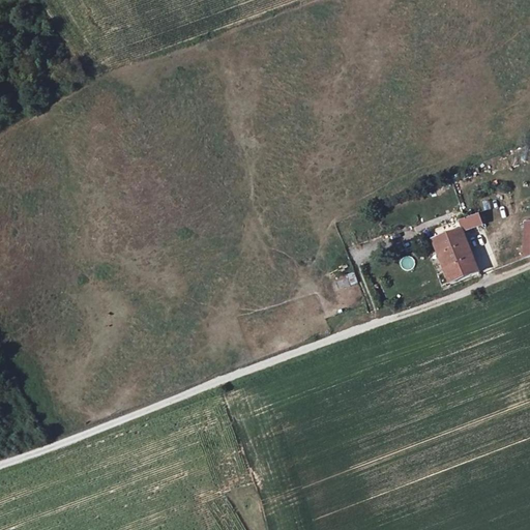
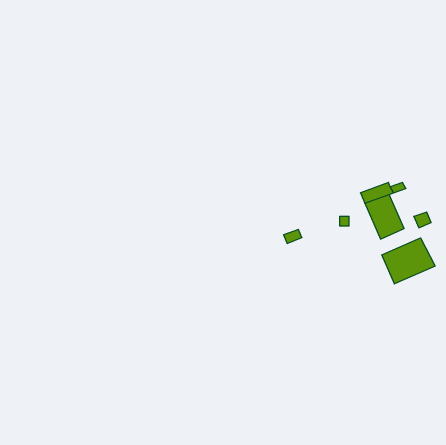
building: none -> [382,238,435,284]

